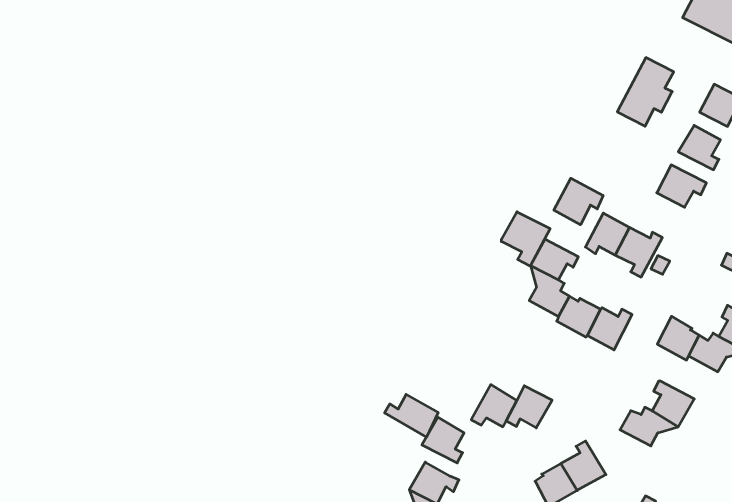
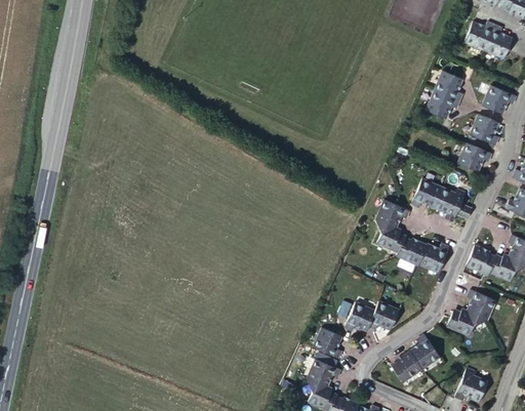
building: [554,178,603,225] -> none
building: [501,212,550,266] -> none
building: [385,394,438,437] -> none

